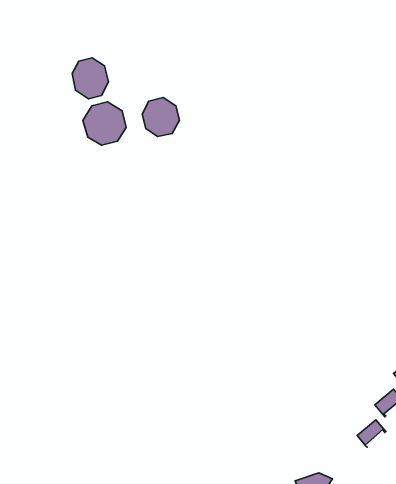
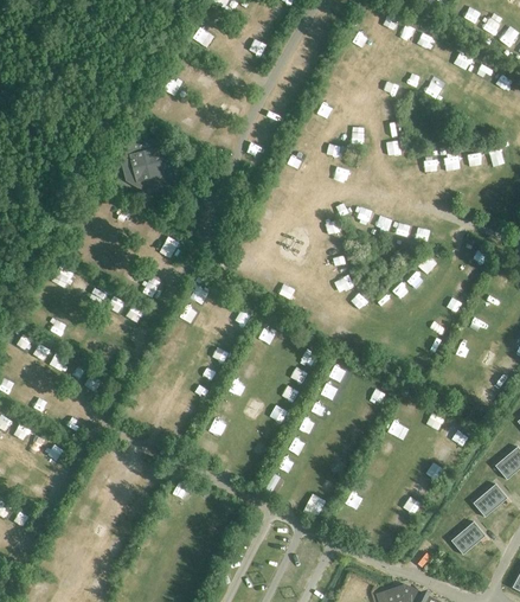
building: [72,58,109,99] -> none
building: [142,97,179,136] -> none

